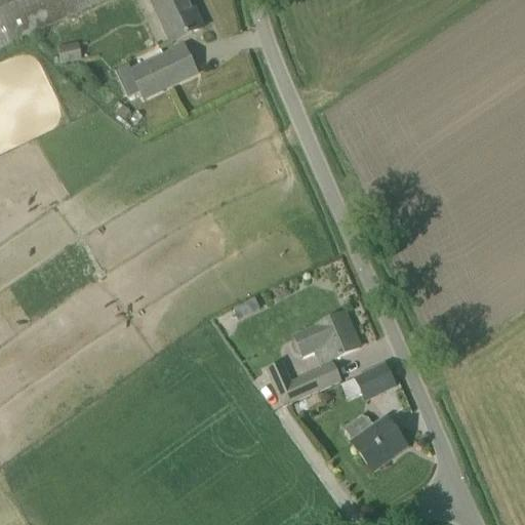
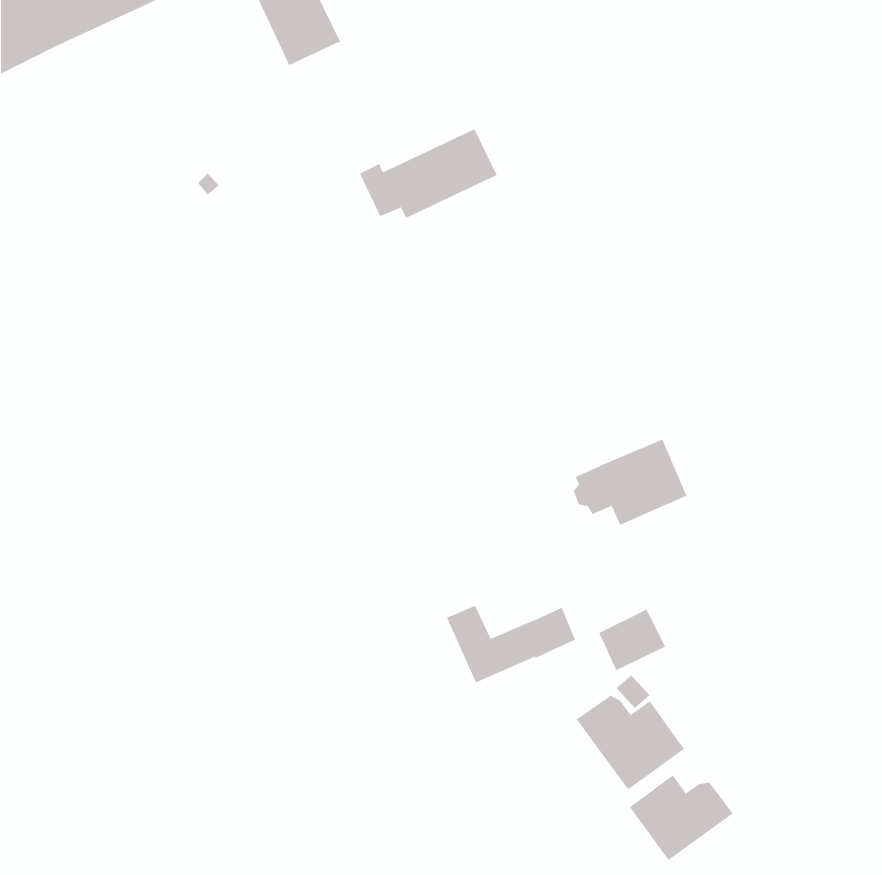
building: [116,42,198,95] -> [359,129,497,218]
building: [292,311,360,362] -> [573,439,687,525]
building: none -> [629,775,733,861]

